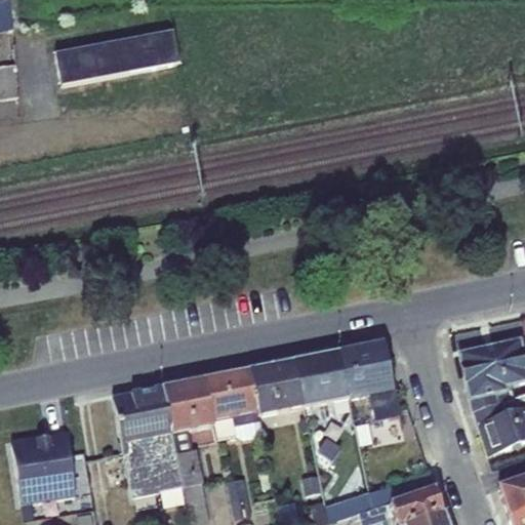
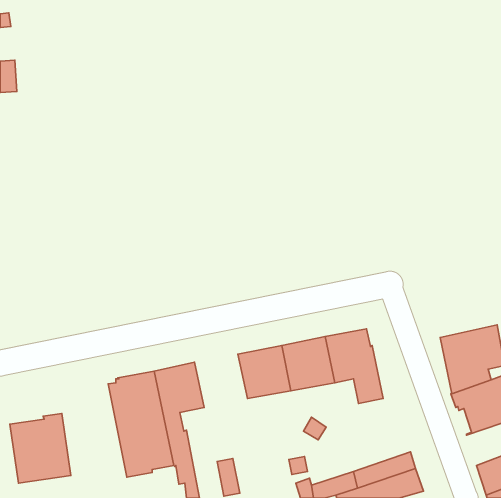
building: [54,28,179,83] -> none
building: [204,369,264,440] -> none

